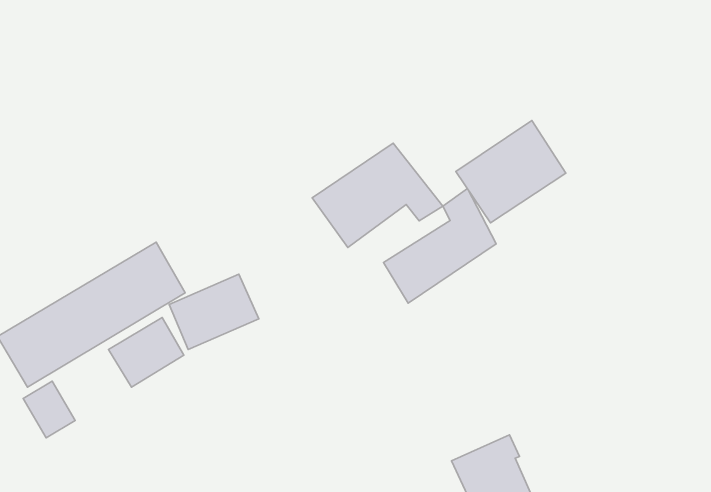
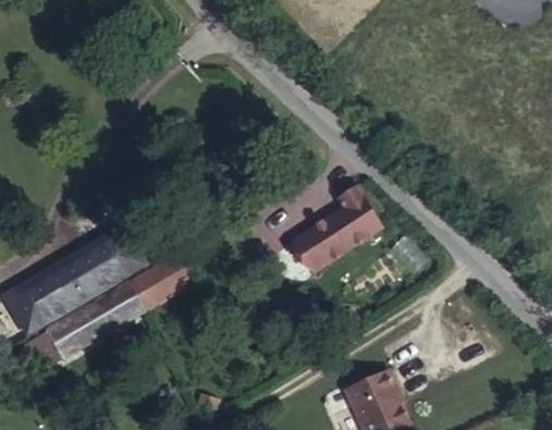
building: [456,120,566,223] -> none
building: [312,143,443,247] -> none
building: none -> [44,306,103,359]

